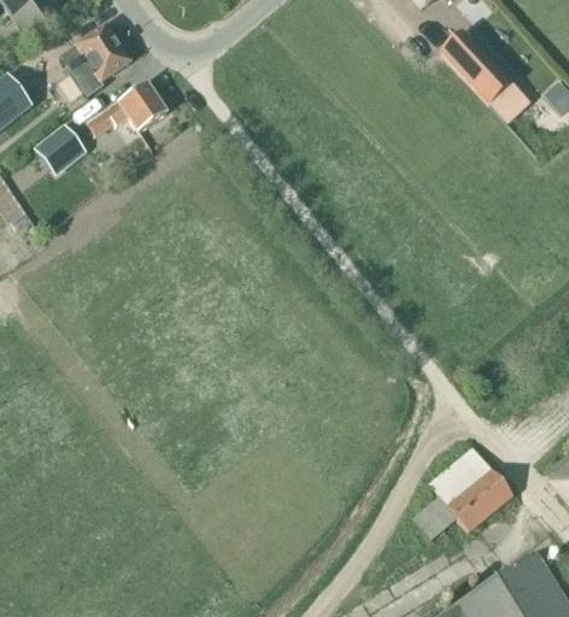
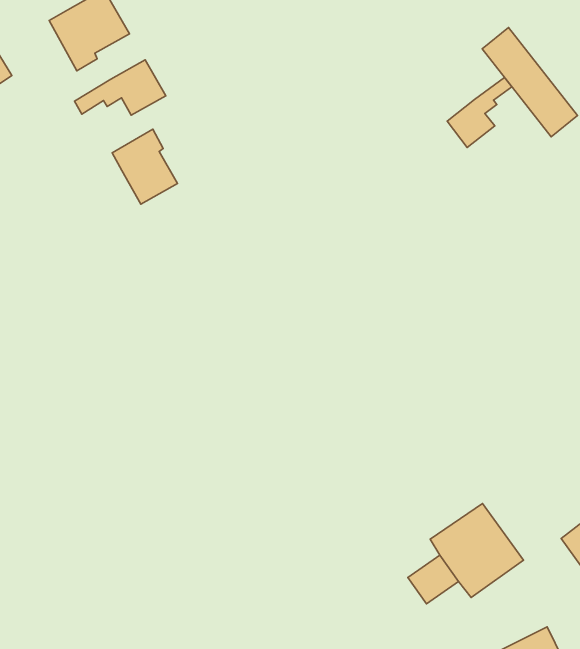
building: none -> [447,78,512,147]
building: [35,123,80,166] -> none
building: none -> [112,129,177,204]

